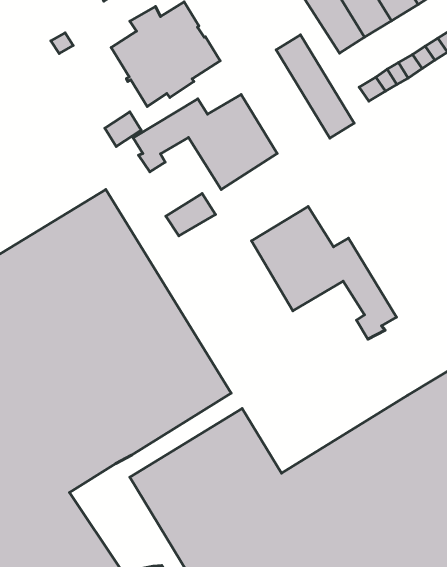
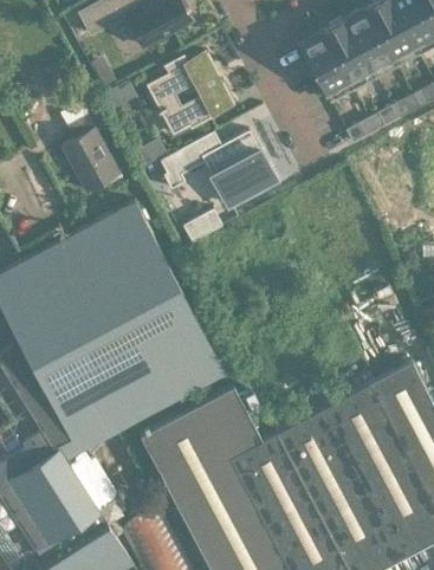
building: [276,35,354,138] -> none
building: none -> [60,112,118,192]
building: [252,206,397,339] -> none

